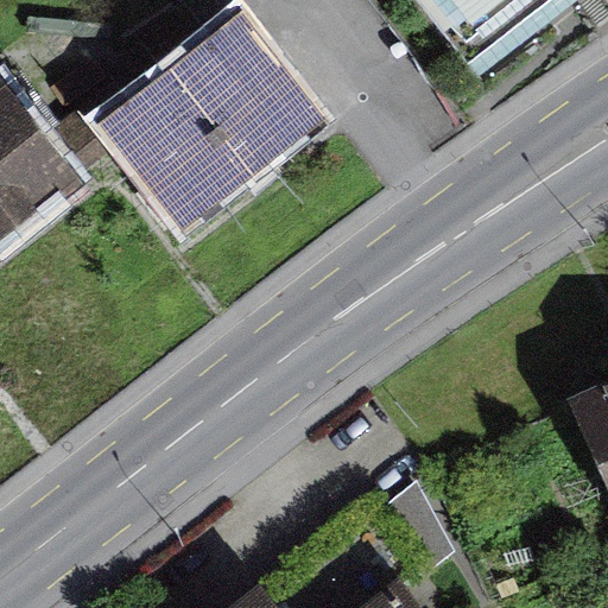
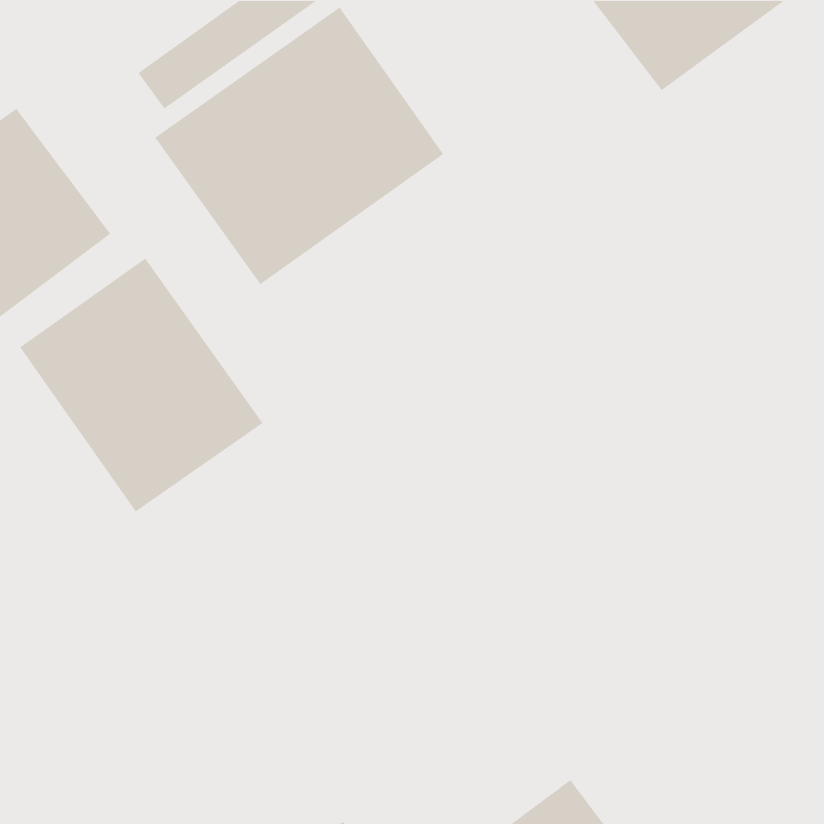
building: none -> [19,257,263,512]

